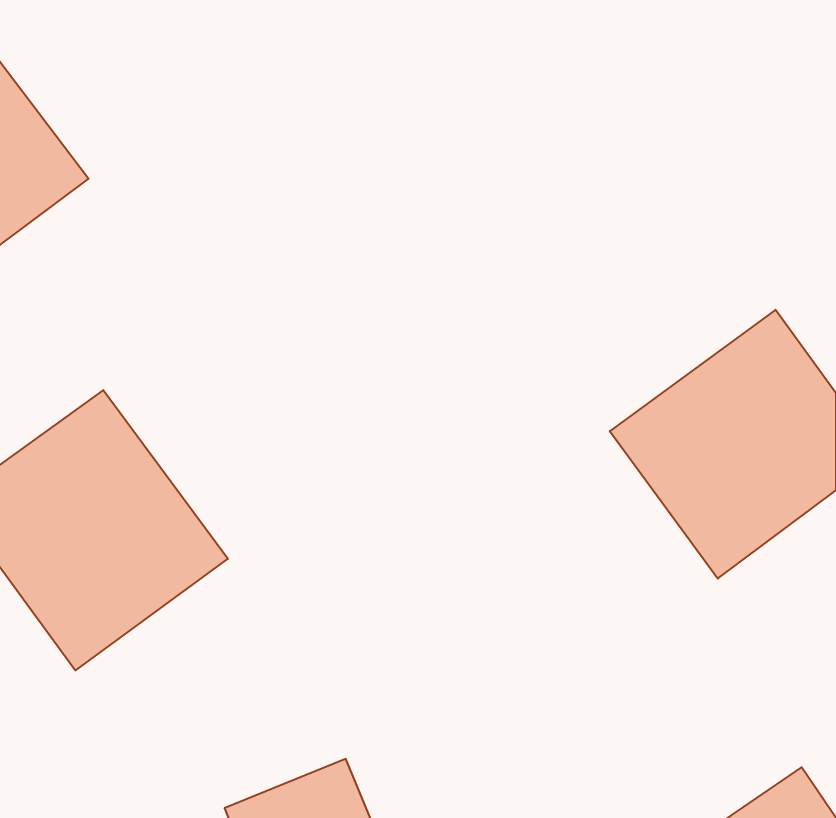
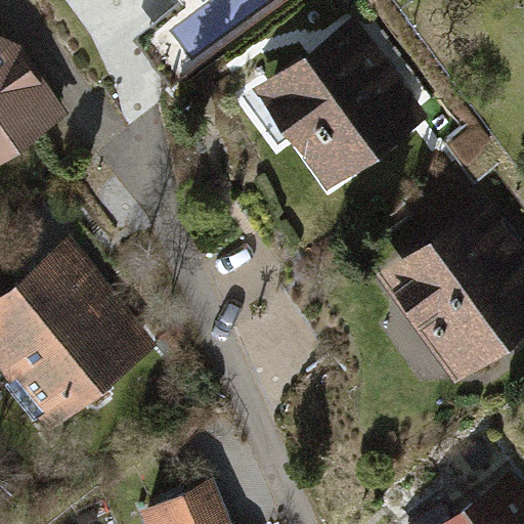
building: none -> [250,17,417,187]

